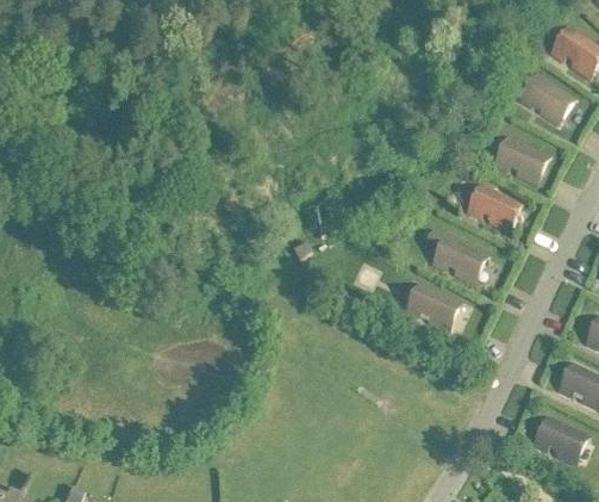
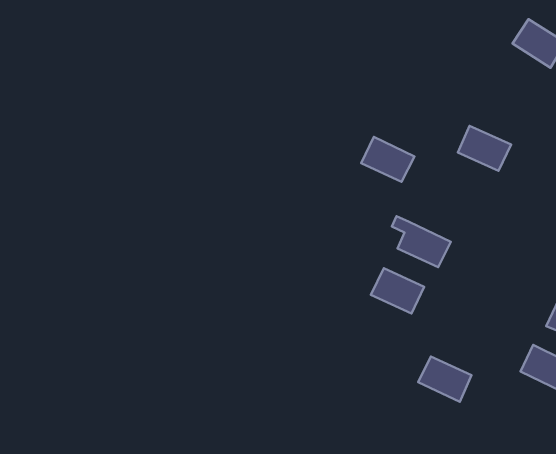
building: [519,73,574,123] -> none
building: [467,182,522,229] -> [361,137,414,182]
building: [532,416,587,463] -> [418,357,471,402]

